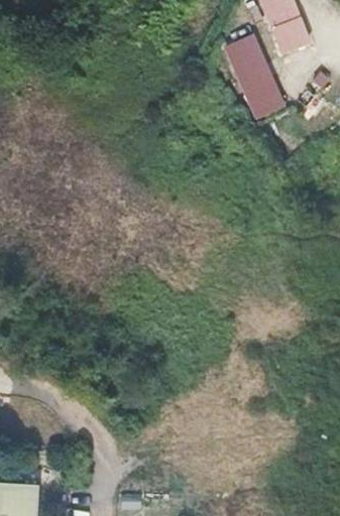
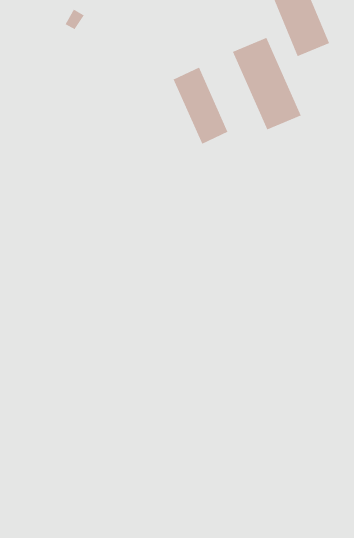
building: none -> [173,67,229,145]

